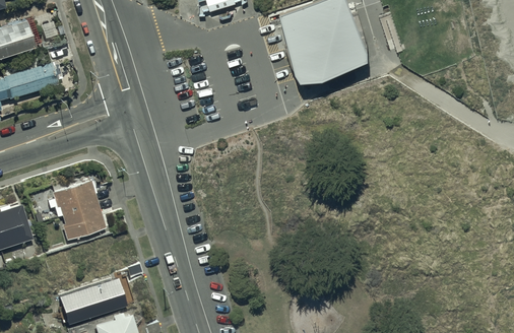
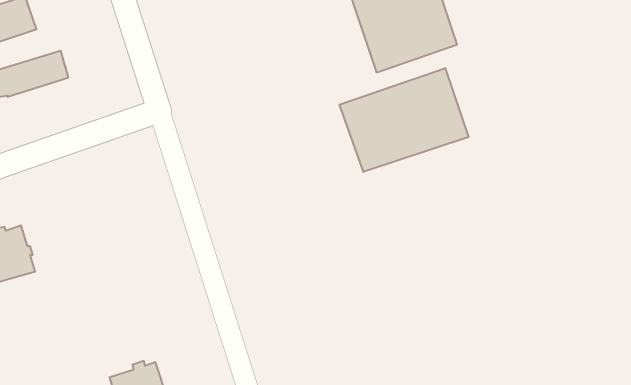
building: none -> [339,68,469,172]
building: [48,182,106,241] -> none
building: [56,272,126,322] -> none

